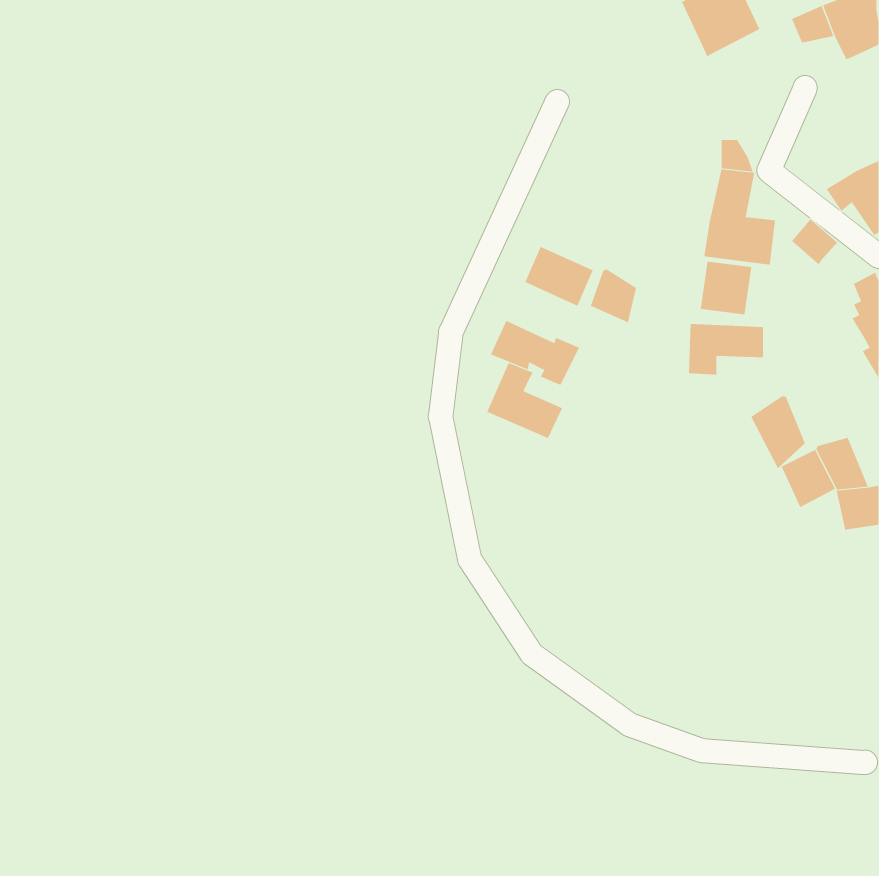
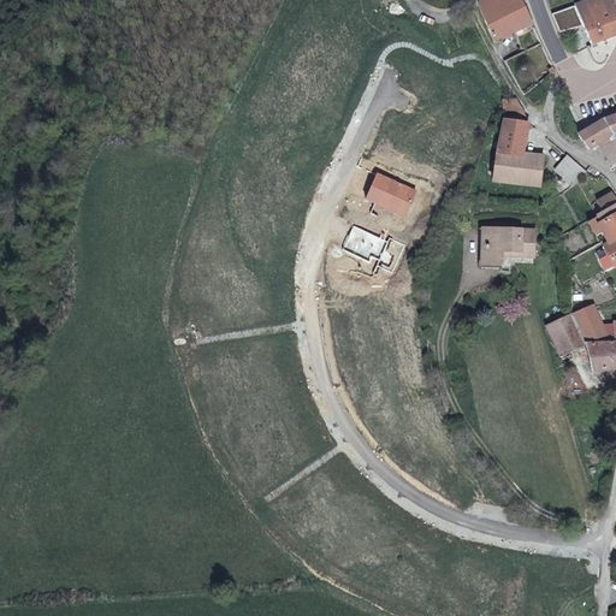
building: [700,261,752,315] -> none
building: [590,268,637,323] -> none
building: [486,362,563,439] -> none
building: [751,395,806,469] -> none

